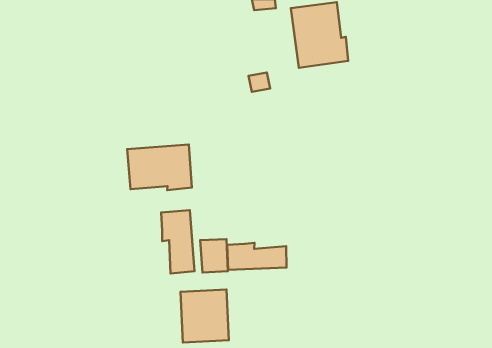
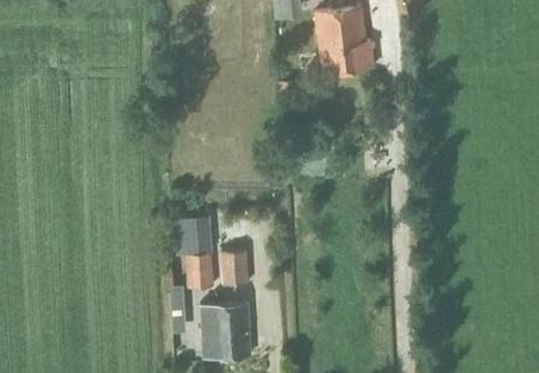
building: [127,145,192,190] -> none
building: [227,243,287,270] -> none

